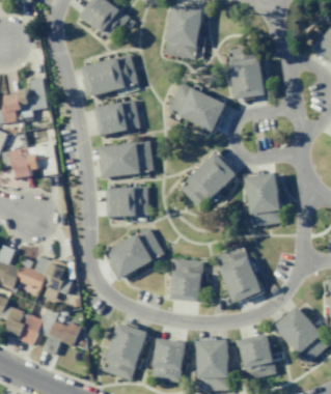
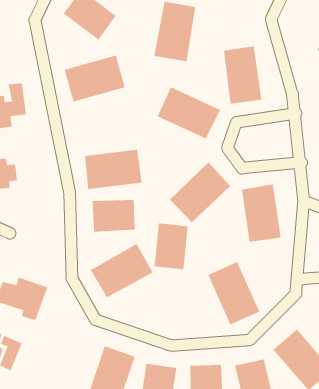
building: [94,100,139,135] -> none
building: [170,258,202,302] -> [154,223,189,270]
building: [49,321,80,344] -> none

